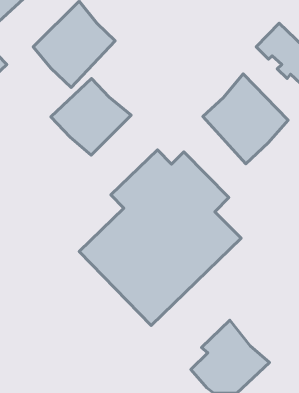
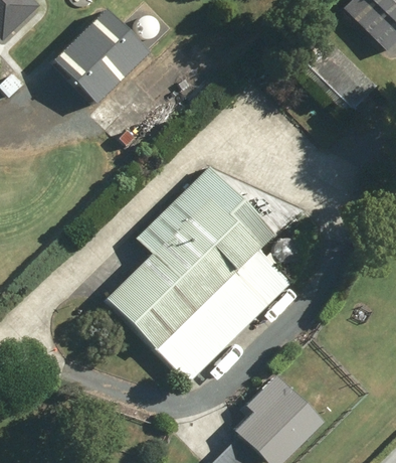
building: [203,74,288,164] -> none
building: [51,79,131,155] -> none

